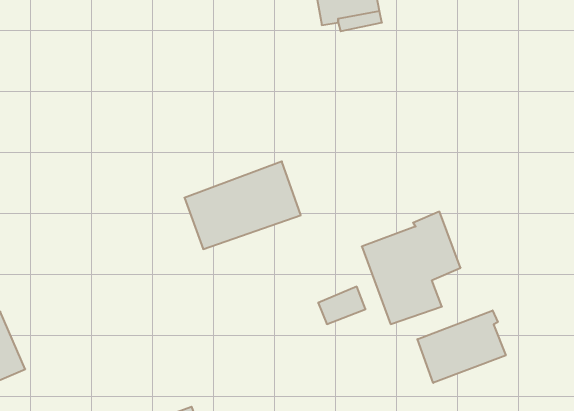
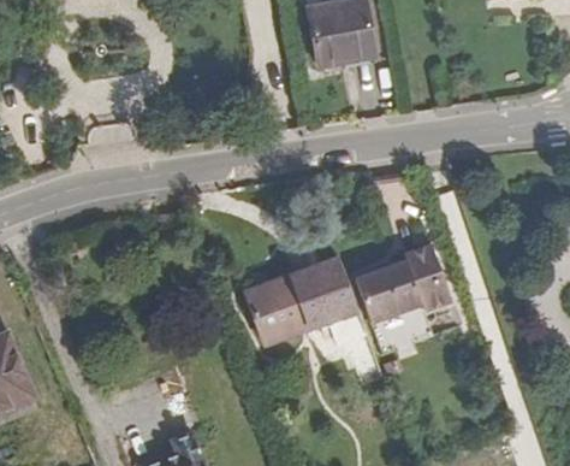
building: [184,161,301,249] -> [245,256,357,341]
building: [417,310,506,383] -> none

